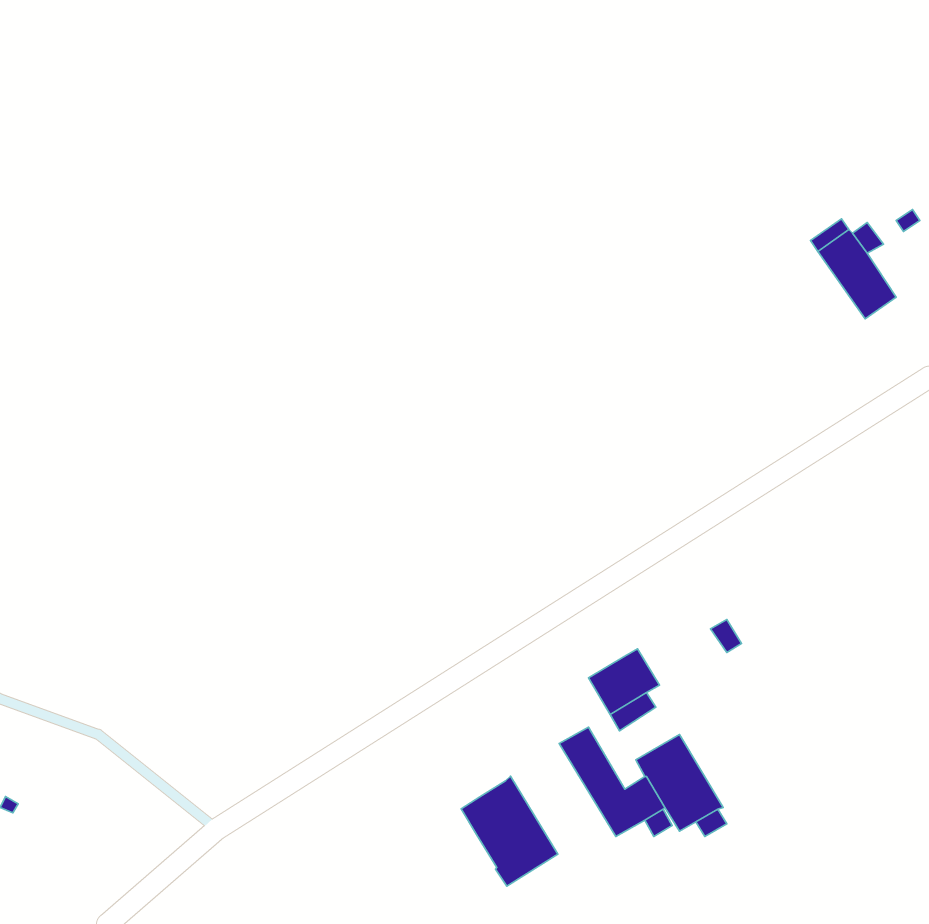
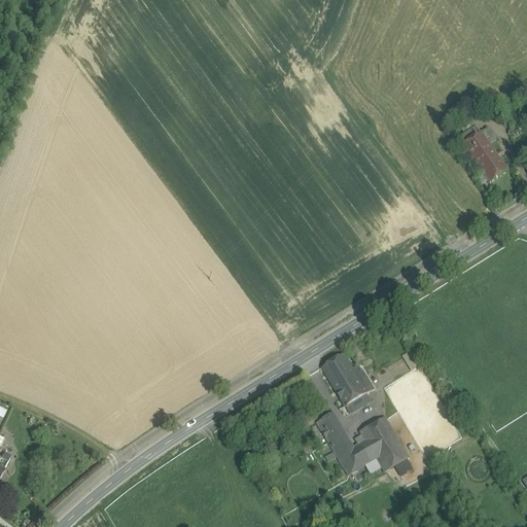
building: none -> [321,352,353,383]
building: [461,776,558,886] -> none

